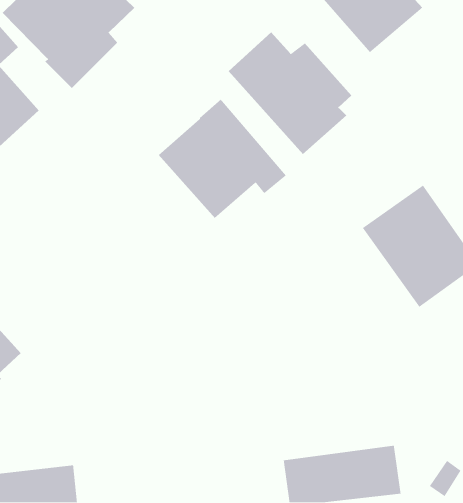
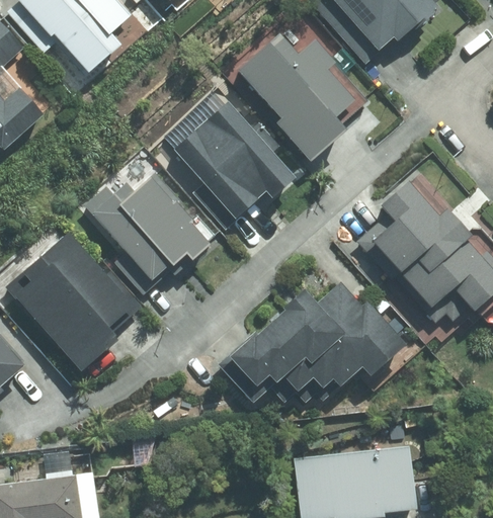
building: none -> [95,171,206,282]
building: none -> [8,234,139,365]
building: none -> [220,268,406,400]

